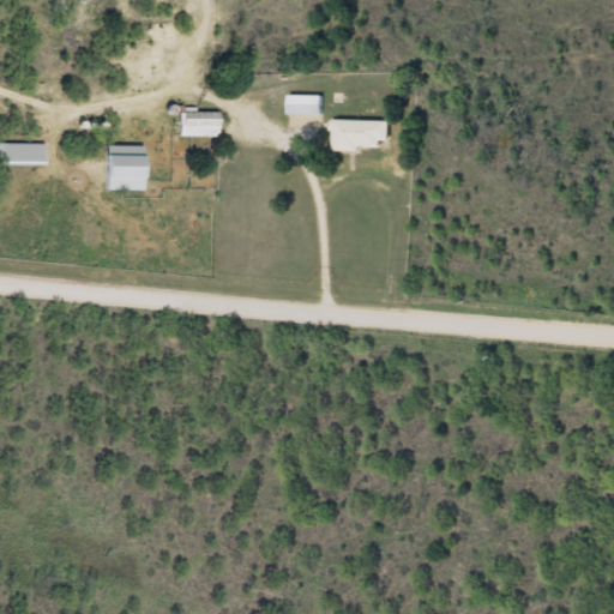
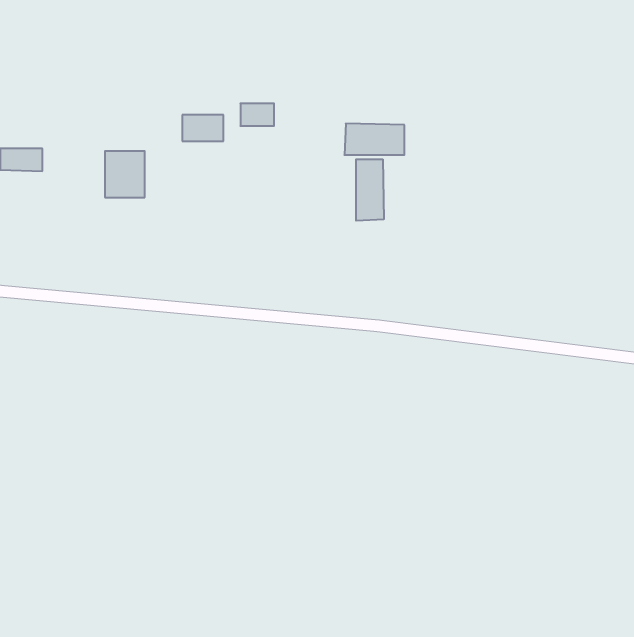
building: [291,94,324,115] -> [240,103,274,126]
building: none -> [356,159,384,221]

